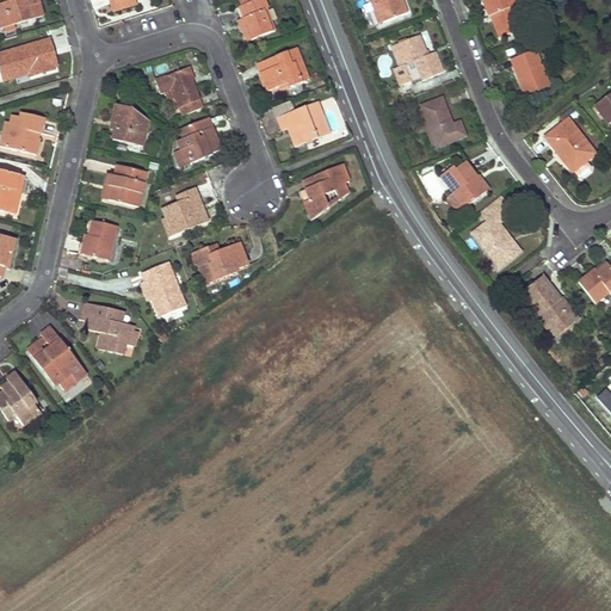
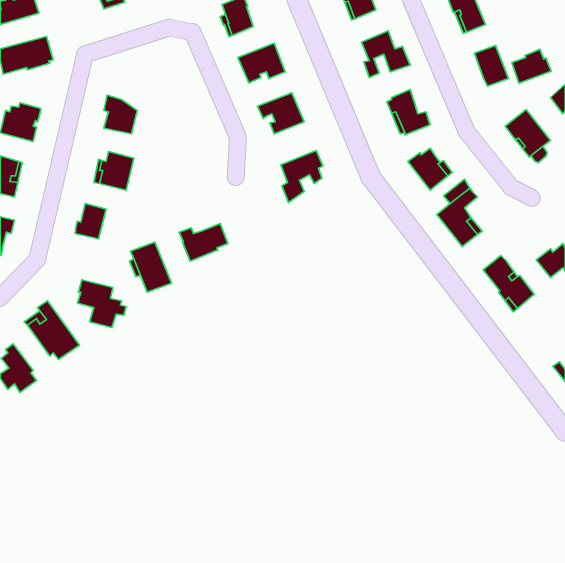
building: none -> [512,49,551,83]
building: [155,66,202,113] -> none
building: [175,117,220,161] -> none
building: [162,186,206,234] -> none

